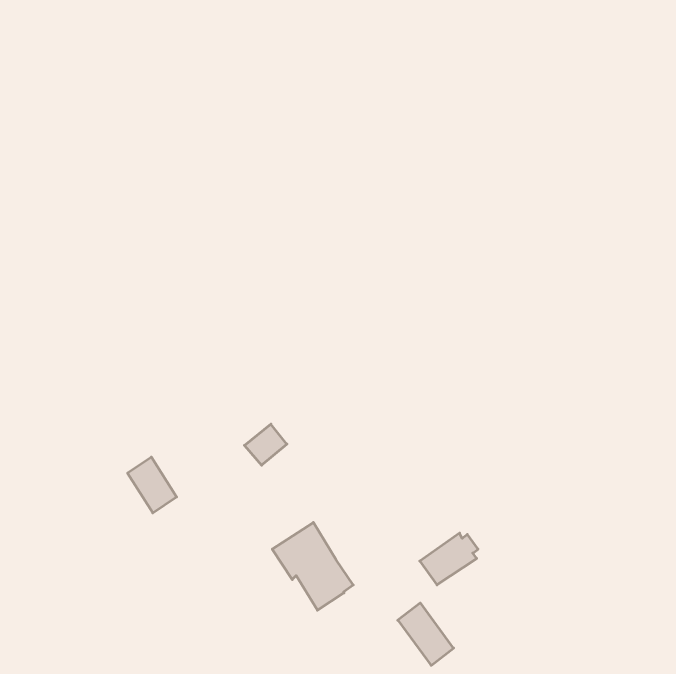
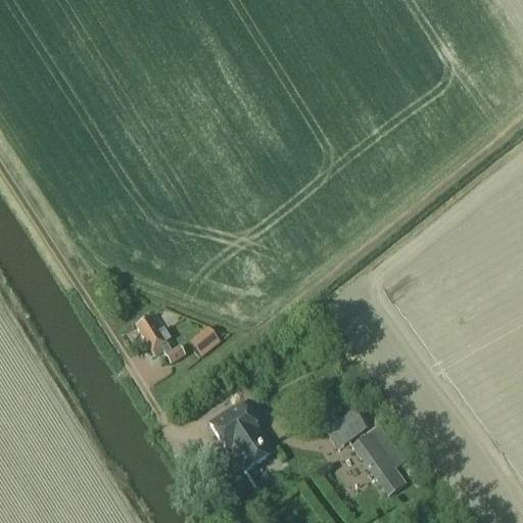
building: [128,457,177,513] -> [137,313,175,355]
building: [398,603,454,665] -> [353,432,396,480]

